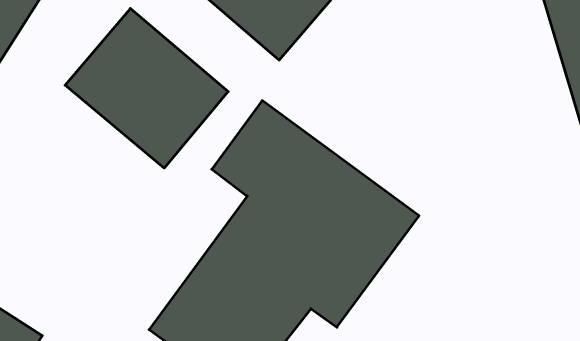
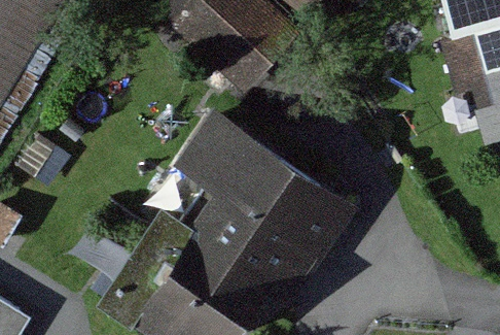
building: [65,8,228,168] -> none

